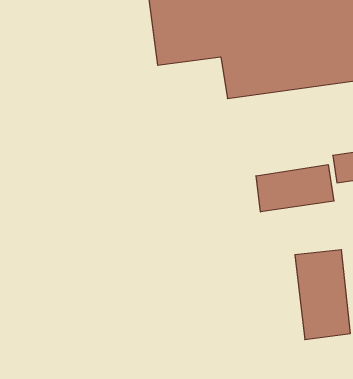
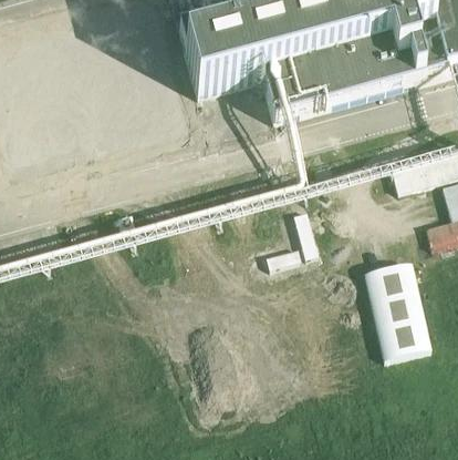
building: [256,165,334,212] -> none

